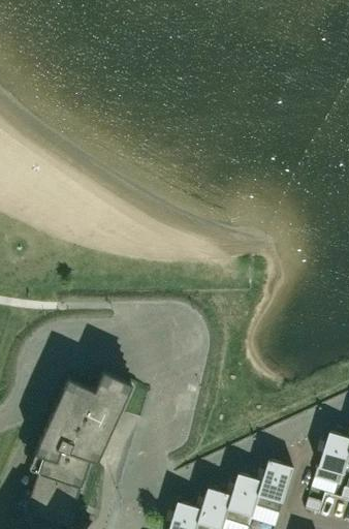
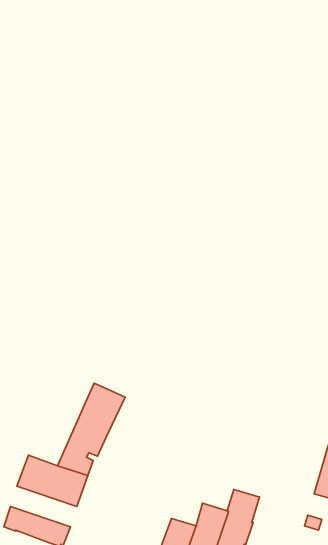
building: [40,377,95,450] -> none
building: [255,459,293,512] -> none
building: [23,470,87,509] -> none

